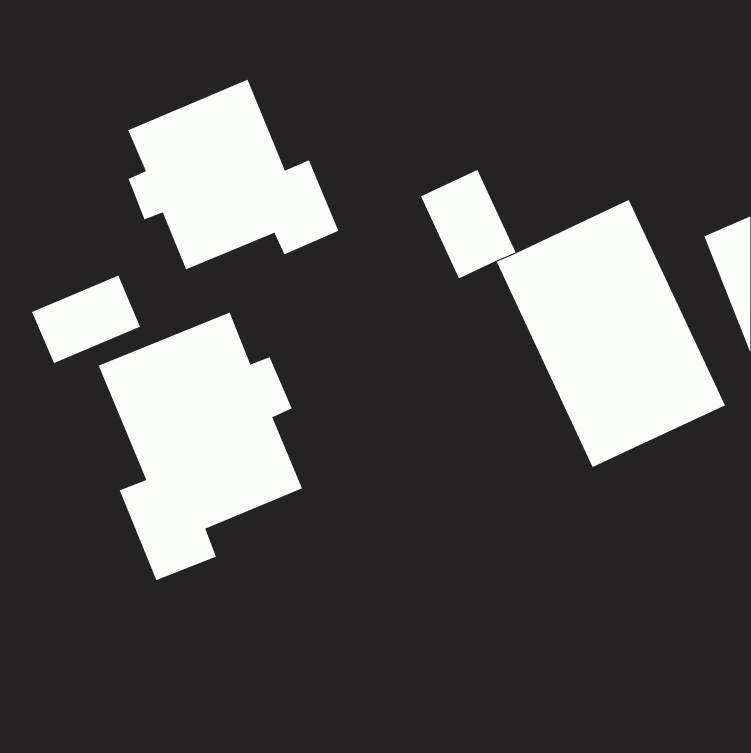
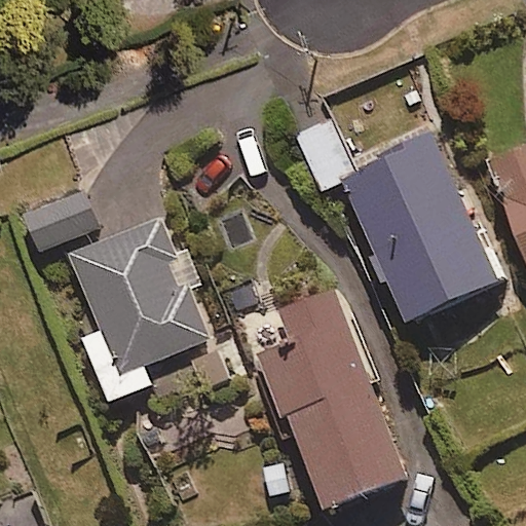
building: [128,79,339,270] -> none
building: none -> [254,288,406,513]

